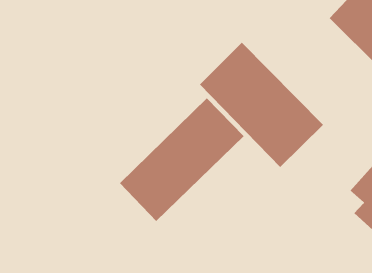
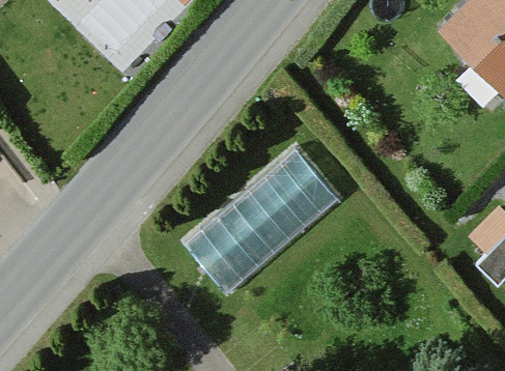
building: [199,42,324,168] -> none

